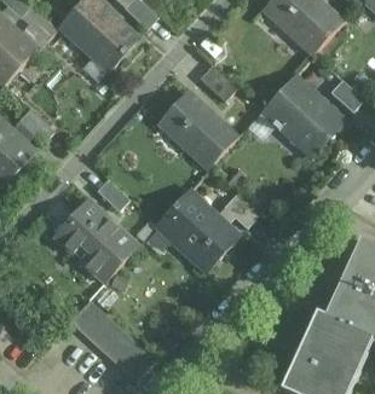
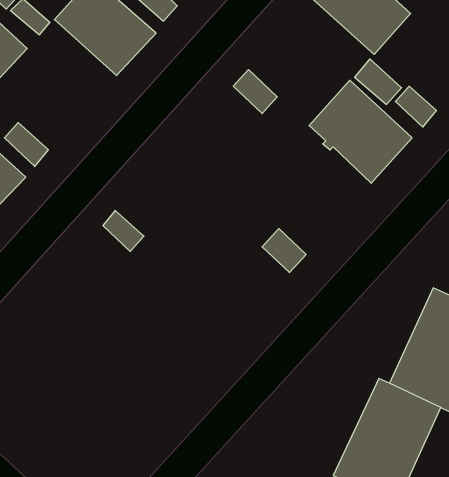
building: [158,92,236,168] -> none
building: [157,191,238,271] -> none
building: [54,201,138,283] -> none
building: [69,301,155,382] -> none

